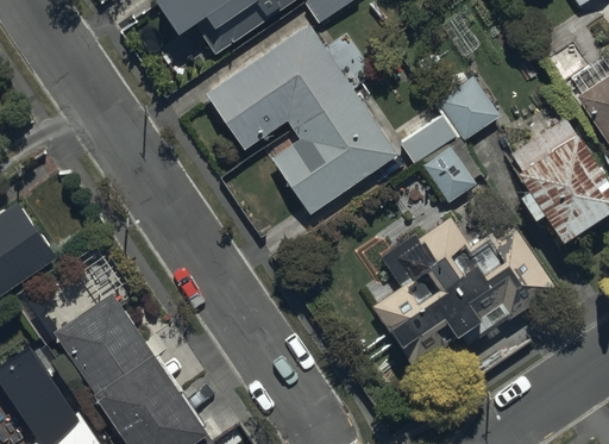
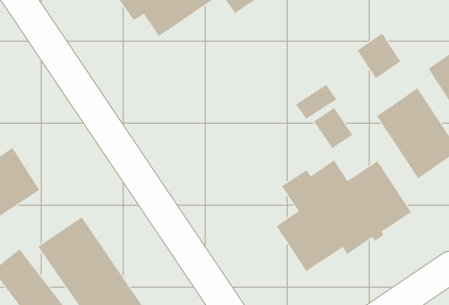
building: [206,24,397,213] -> none
building: [439,76,498,138] -> [357,33,401,79]

